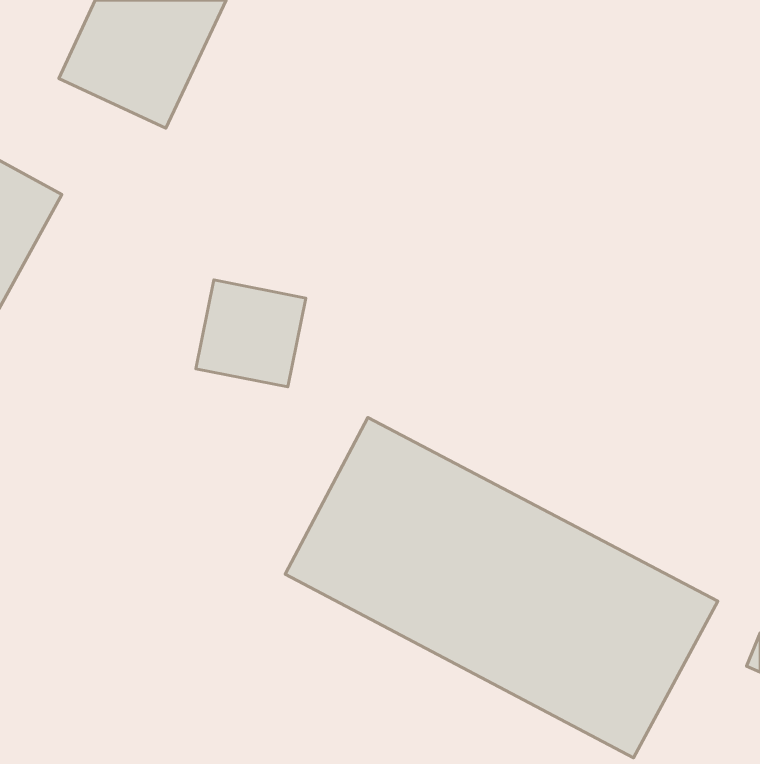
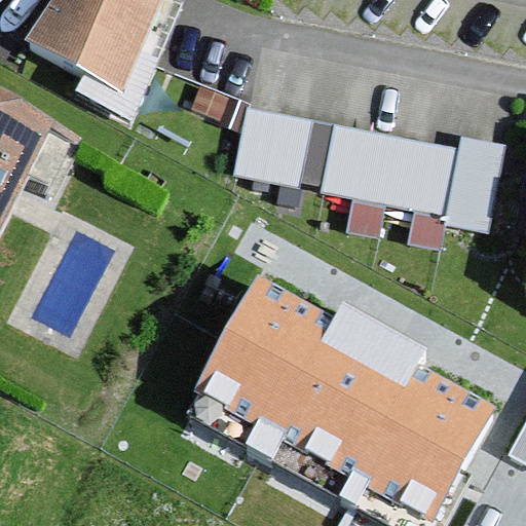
building: none -> [306,119,489,228]
building: [196,280,306,387] -> [218,106,293,179]

